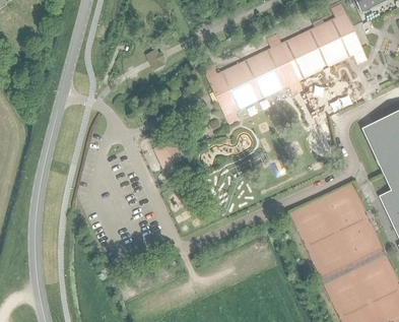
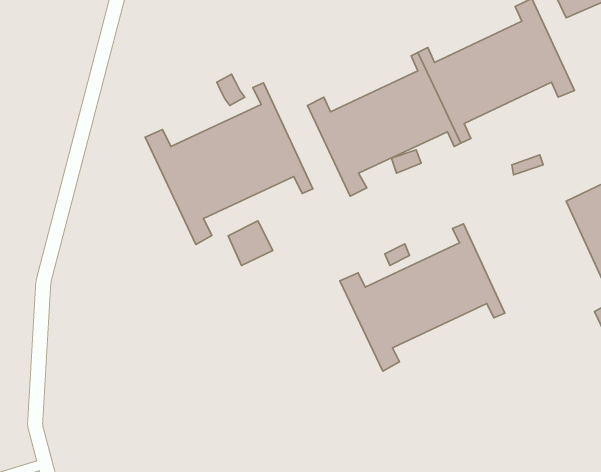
building: none -> [145,83,313,244]
building: none -> [340,224,505,371]

